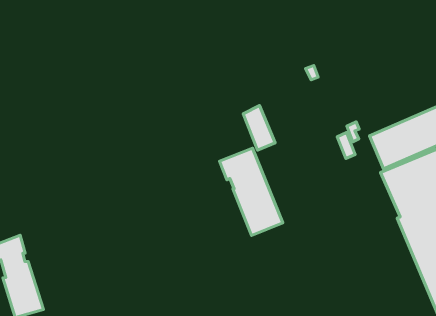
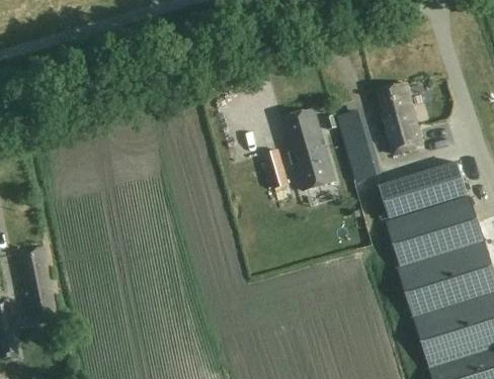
building: none -> [378,82,422,154]
building: none -> [338,111,373,174]
building: [219,148,283,236] -> [281,108,335,190]

